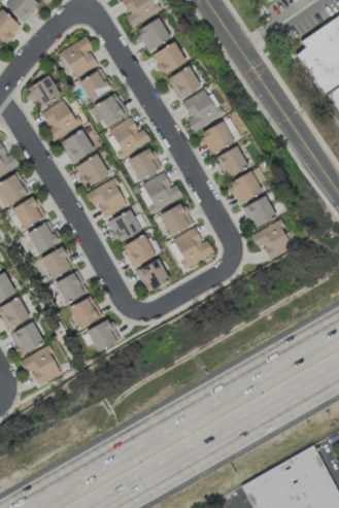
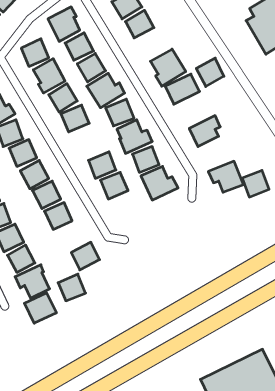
building: [167,66,201,99] -> none
building: [214,145,247,179] -> [196,58,224,87]
building: [86,178,128,217] -> none
building: [243,196,275,228] -> [242,170,269,197]
building: [136,260,169,291] -> none
building: [69,296,102,328] -> [58,274,86,301]
building: none -> [24,293,56,323]

